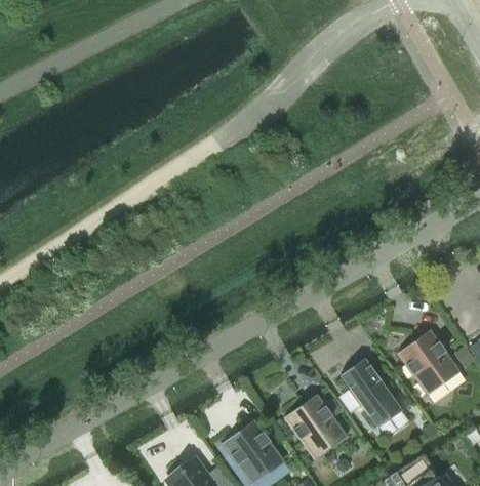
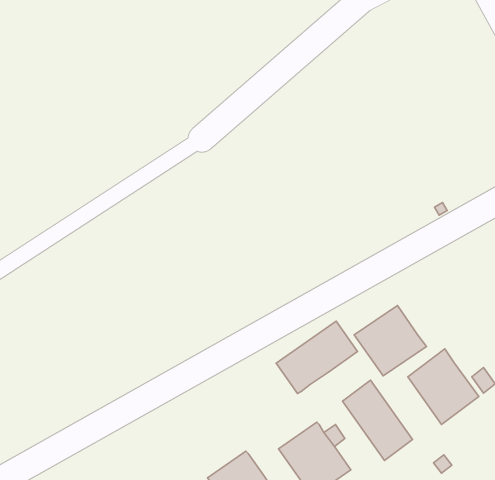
building: none -> [354,305,427,376]
building: none -> [276,321,358,393]

